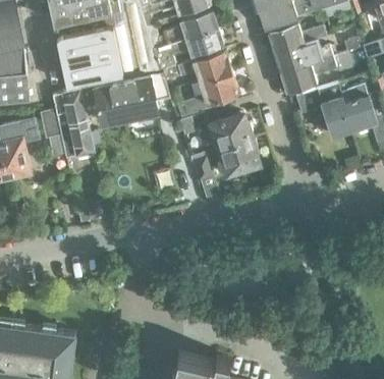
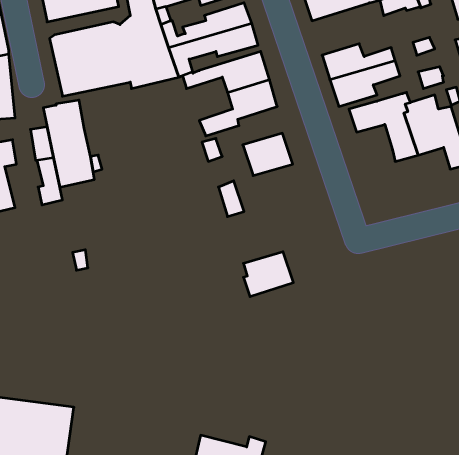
building: [268,23,326,53] -> none
building: [80,72,172,122] -> none
building: [219,140,259,175] -> [243,252,293,297]

